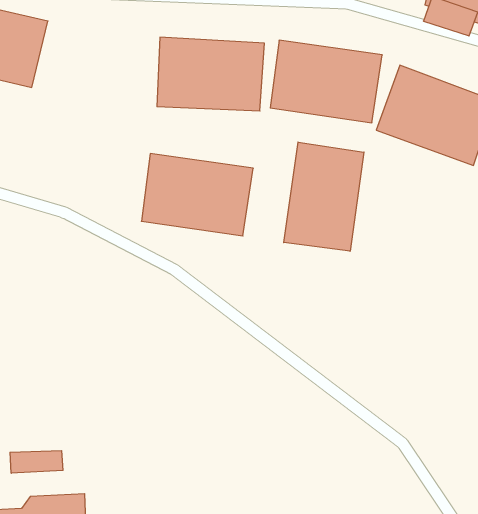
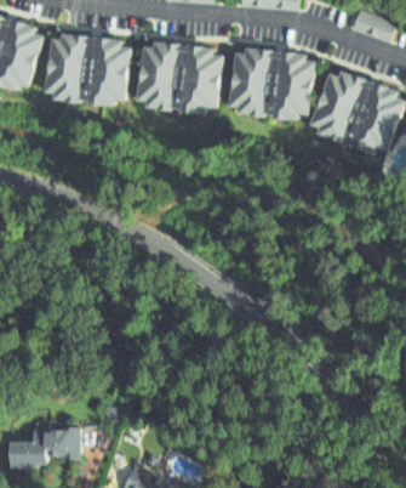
building: [284,142,364,251] -> none
building: [141,154,253,236] -> [40,35,132,103]
building: [10,451,63,473] -> none

